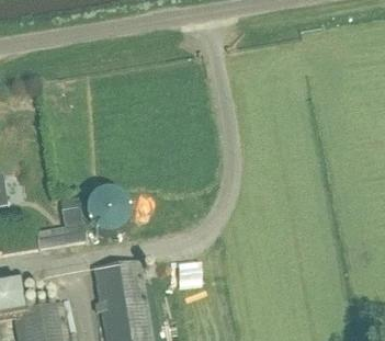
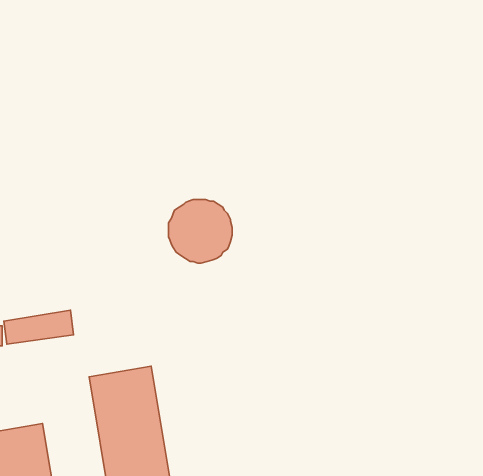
building: [86,186,131,231] -> [168,199,232,263]

